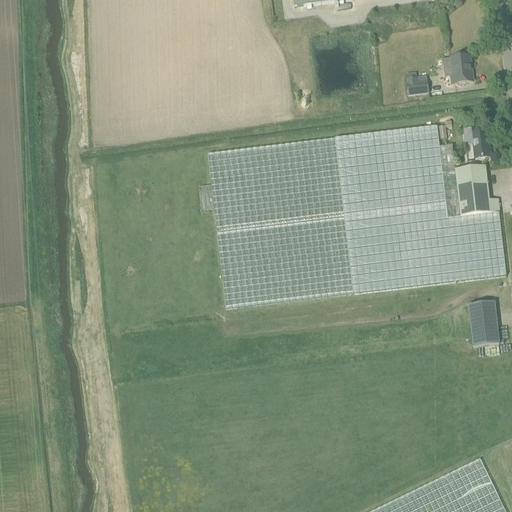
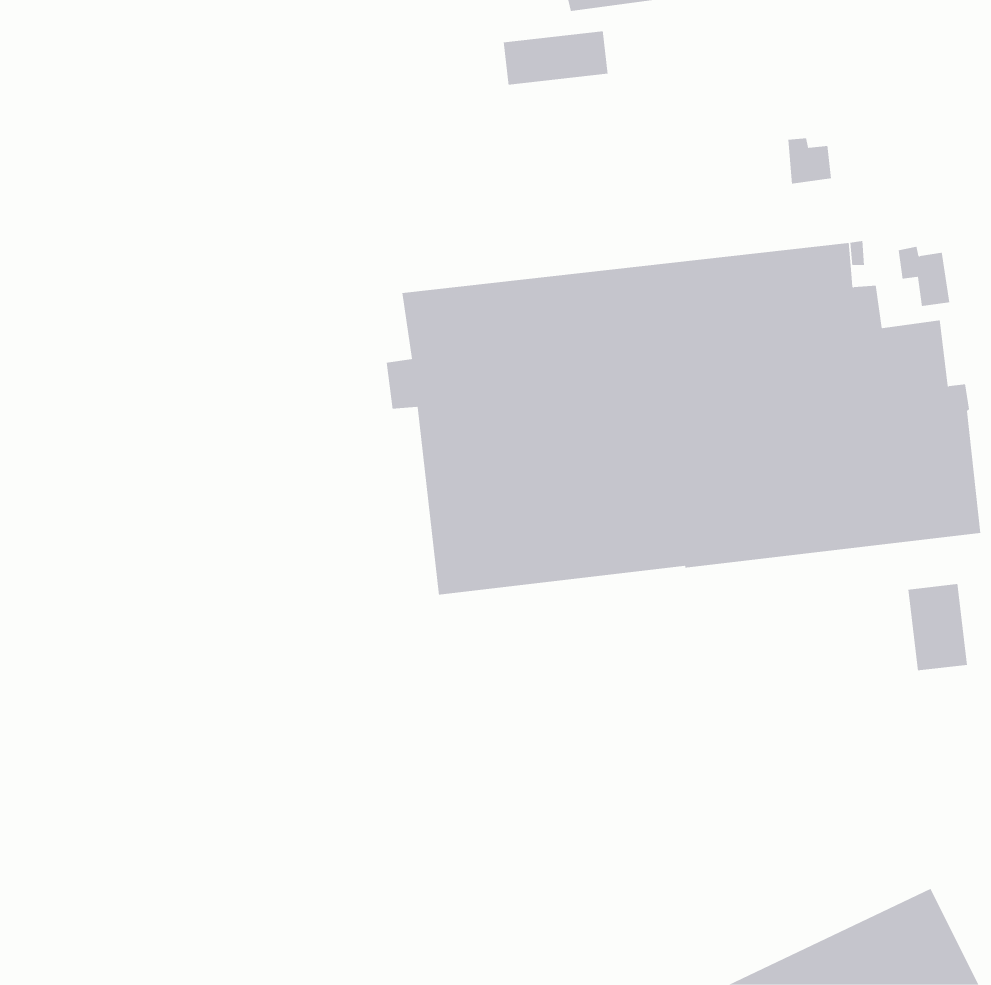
building: none -> [503,31,608,86]
building: [442,54,473,83] -> none

